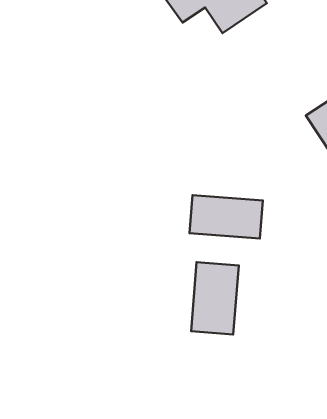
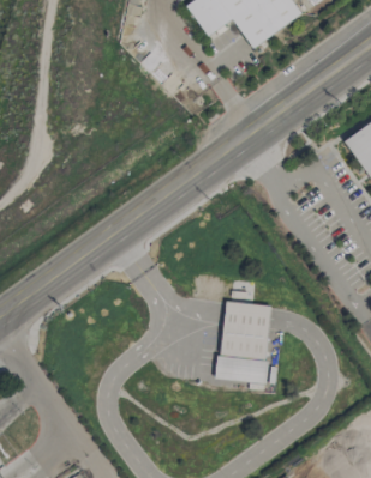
building: [190,195,263,239] -> none

